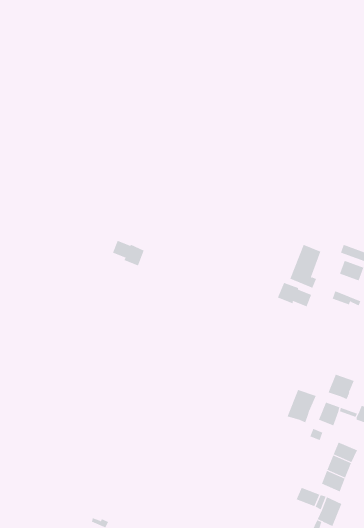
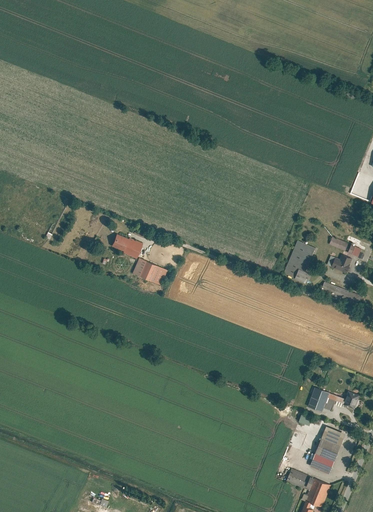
building: none -> [135,259,170,286]
building: [277,282,312,307] -> none
building: [328,374,355,400] -> none
building: [287,389,316,423] -> none

